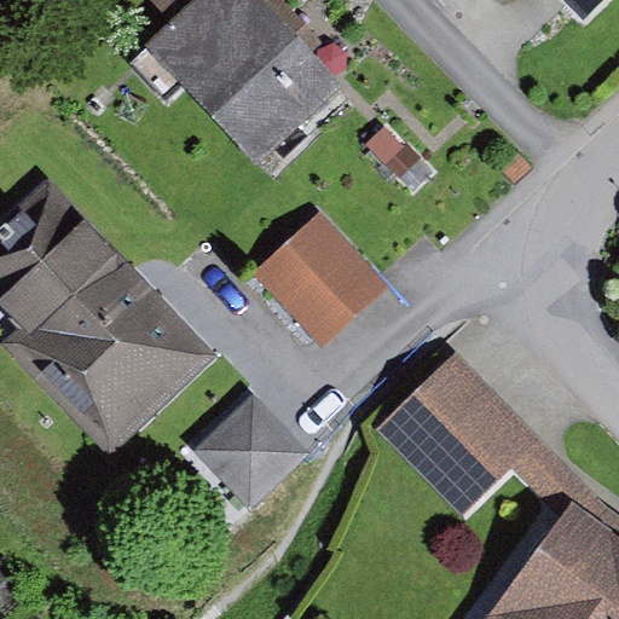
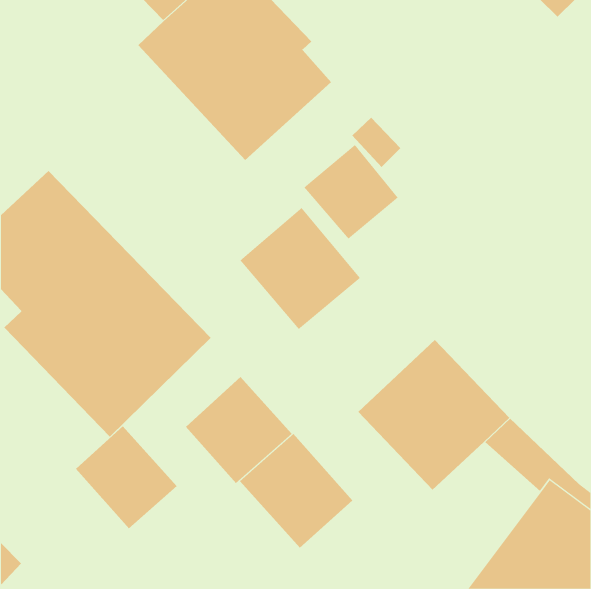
building: none -> [304,144,399,240]
building: none -> [75,426,178,529]
building: none -> [239,433,353,549]

